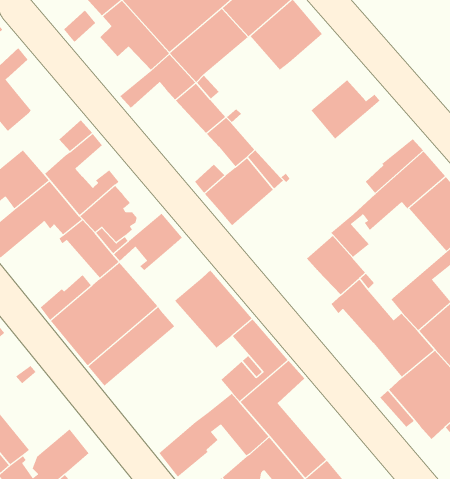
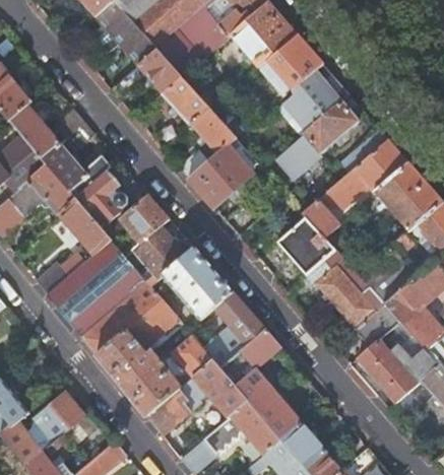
building: none -> [266,32,322,89]
building: none -> [275,93,360,180]
building: none -> [8,105,61,160]
building: none -> [131,225,186,285]
building: none -> [97,299,180,415]
building: none -> [172,335,213,378]

